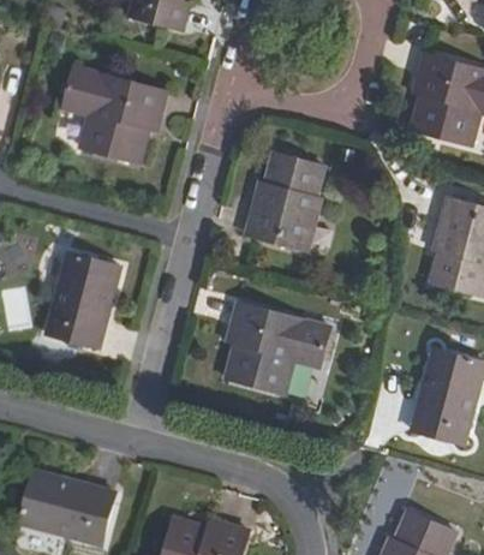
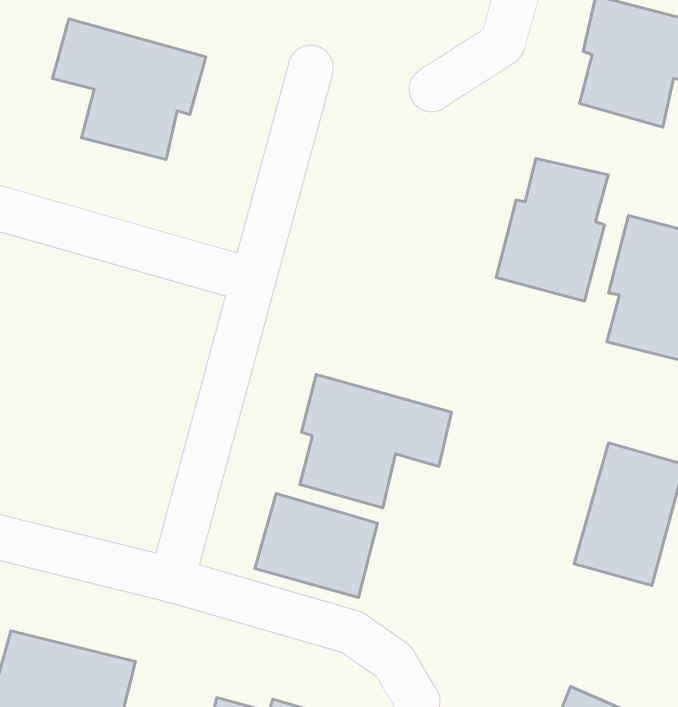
building: [247,155,322,250] -> [496,158,608,301]
building: [46,253,119,348] -> none
building: none -> [255,493,378,598]

